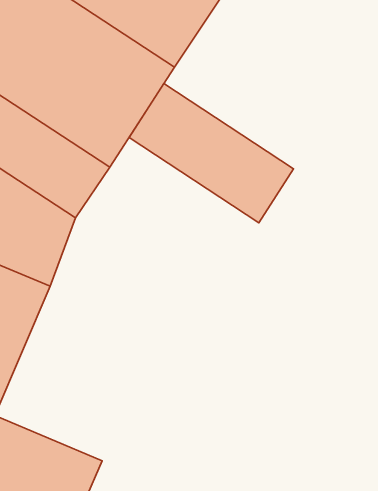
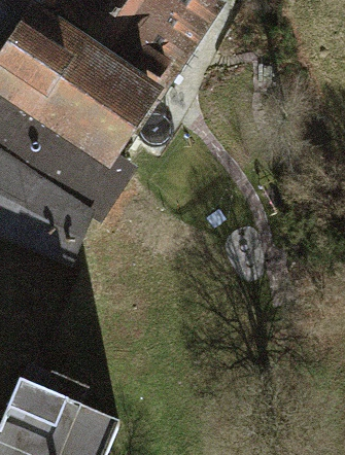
building: [129,84,294,223] -> none

